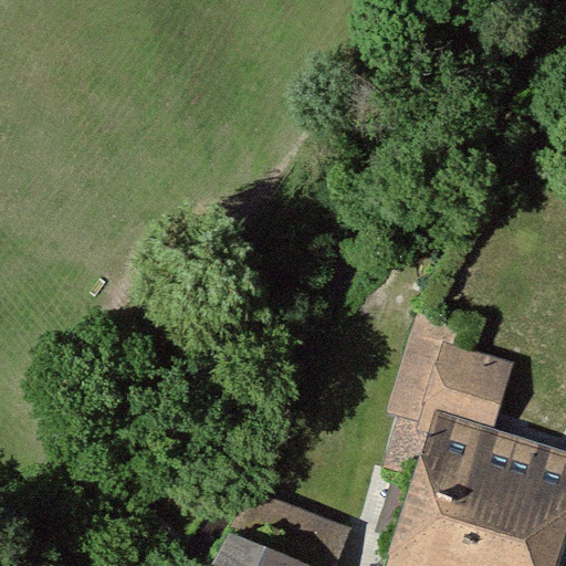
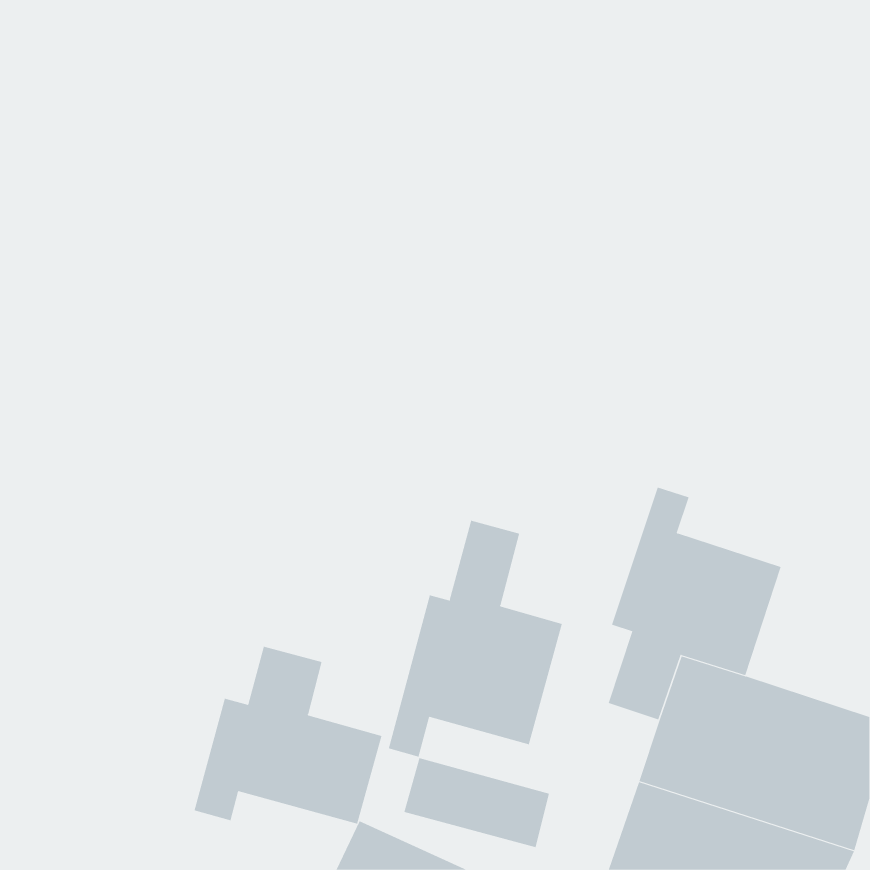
building: none -> [388,520,562,758]
building: none -> [194,646,382,824]

